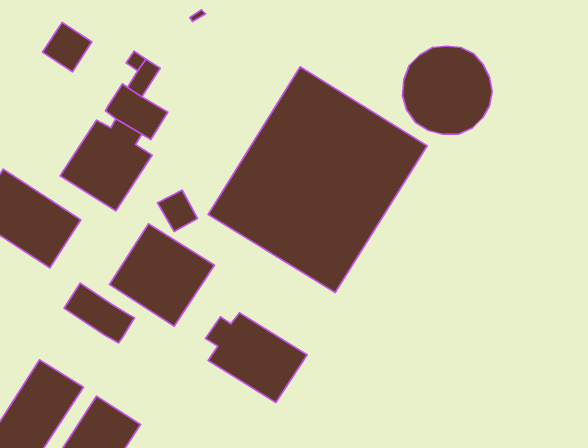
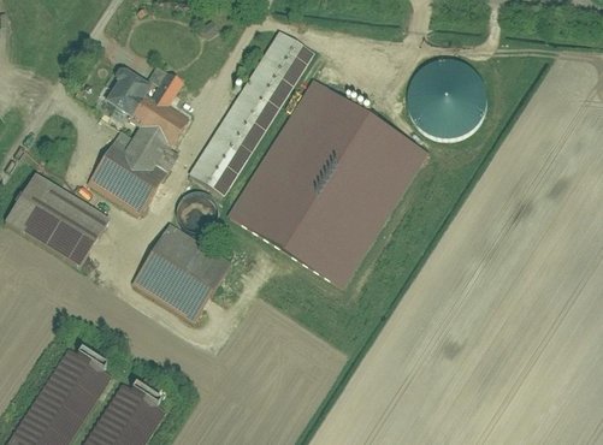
building: none -> [189,30,314,192]
building: [43,22,92,72] -> [106,69,152,114]
building: [64,283,135,343] -> none
building: [205,313,307,403] -> none

